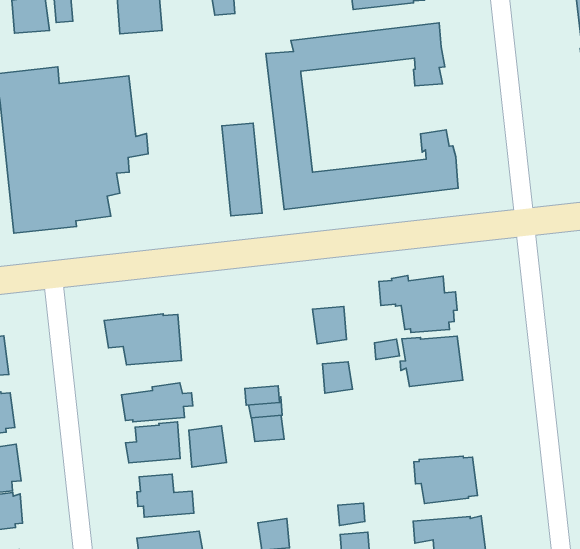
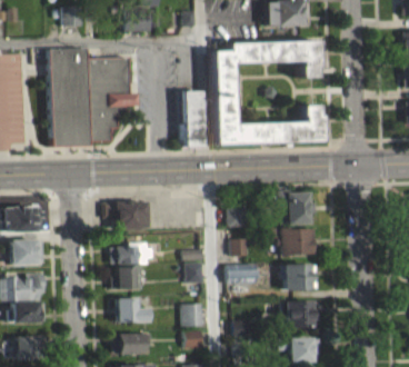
building: none -> [280,264,317,291]
building: none -> [226,264,257,284]
building: [189,426,226,467] -> [182,304,203,327]

